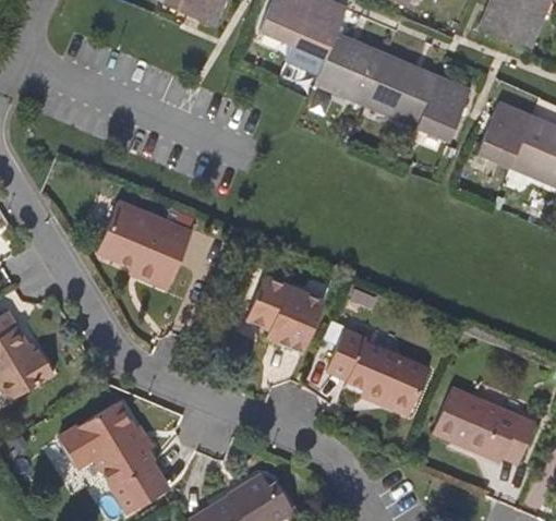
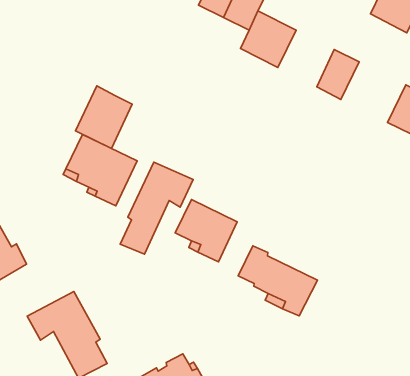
building: [364,53,435,124] -> none
building: [476,101,529,165] -> none
building: none -> [75,86,132,149]
building: none -> [120,162,193,254]
building: [435,386,535,463] -> none

